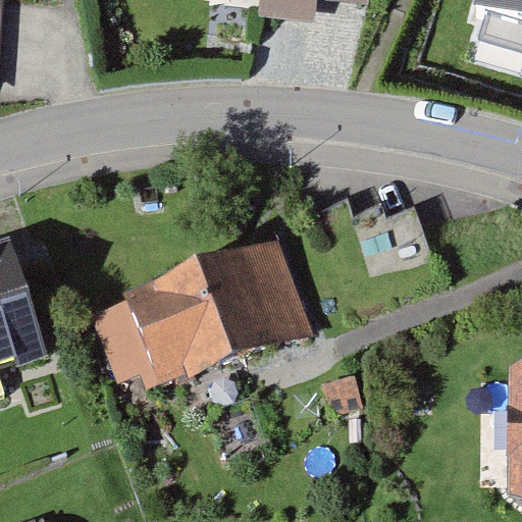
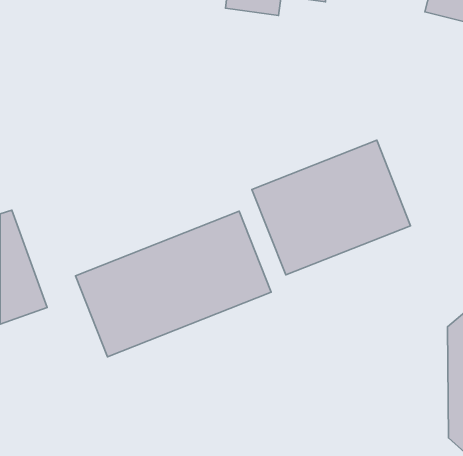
building: none -> [252,140,410,275]

